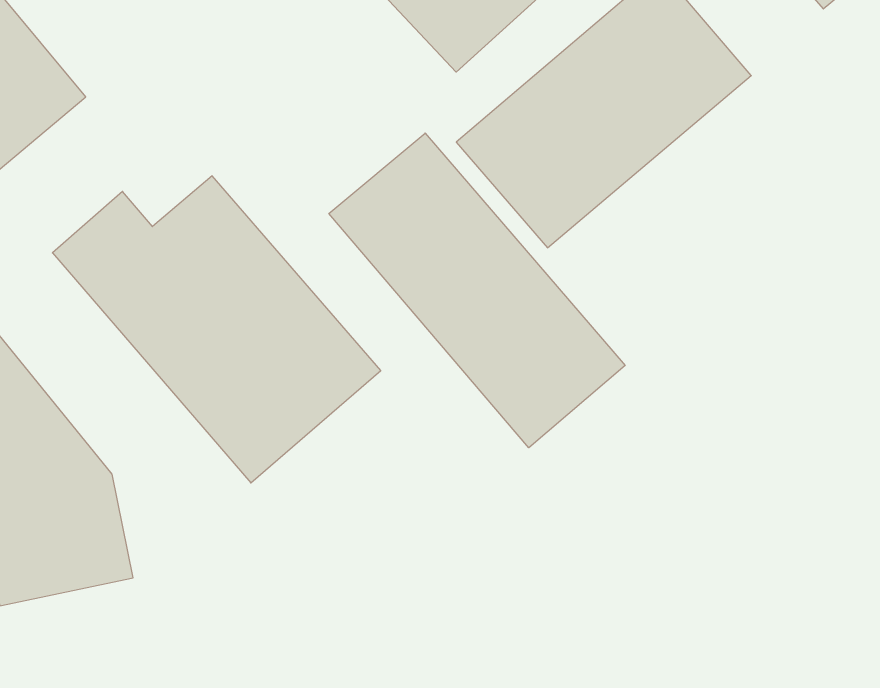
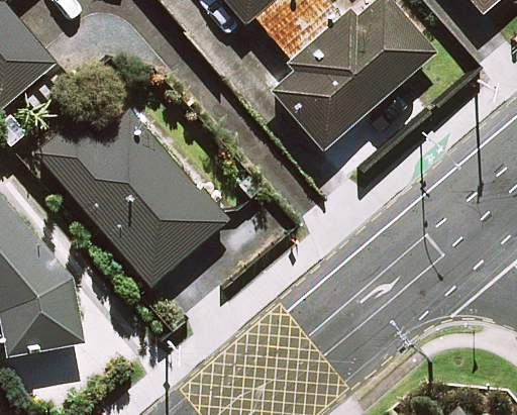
building: [329,133,625,448] -> none

